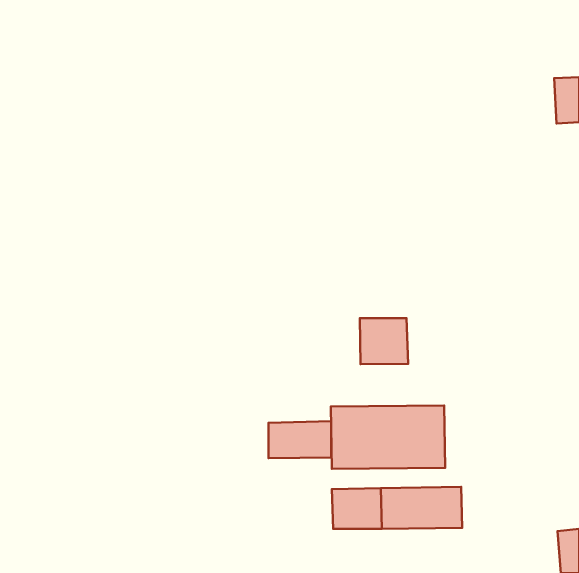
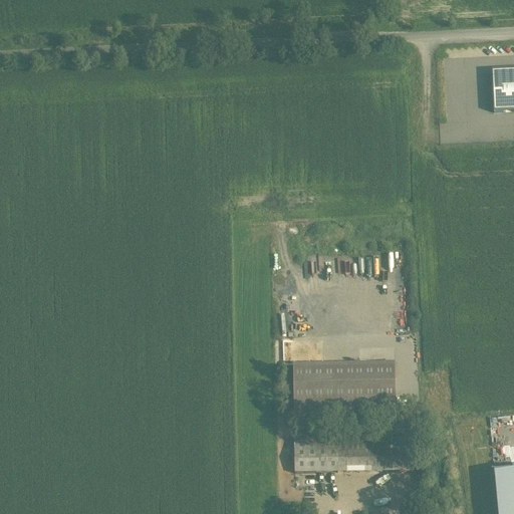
building: [360,318,408,364] -> none
building: [268,421,331,458] -> none

